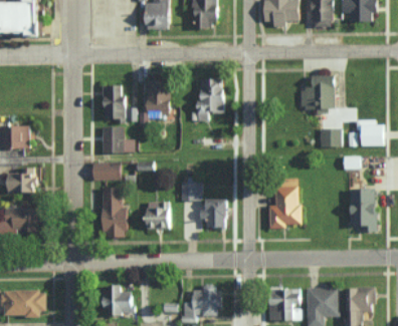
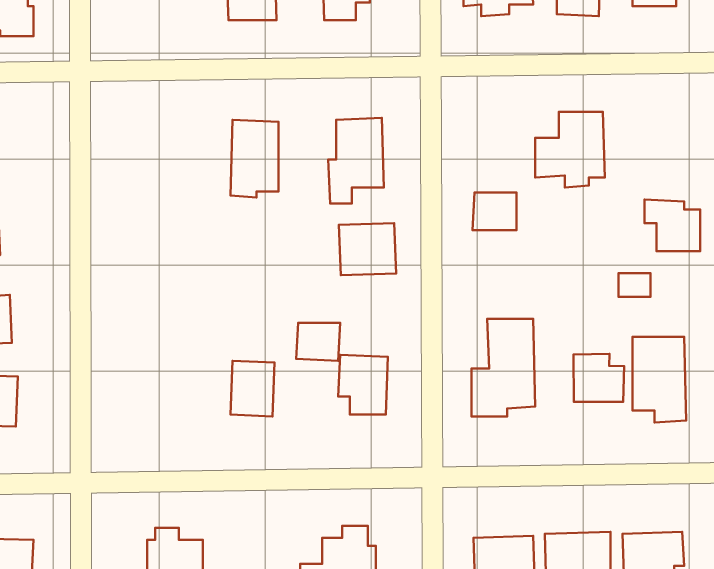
building: [103,85,136,120] -> none
building: [102,126,135,153] -> none
building: [319,127,341,146] -> [473,192,516,230]
building: none -> [339,223,396,275]
building: [92,161,121,180] -> none
building: [103,187,128,238] -> none
building: none -> [574,354,624,402]

